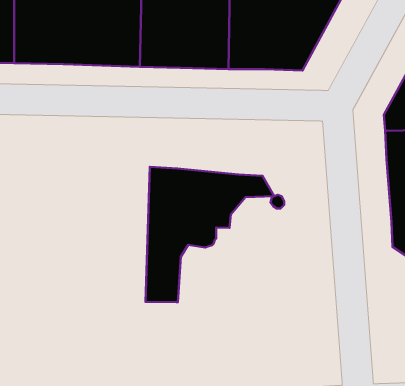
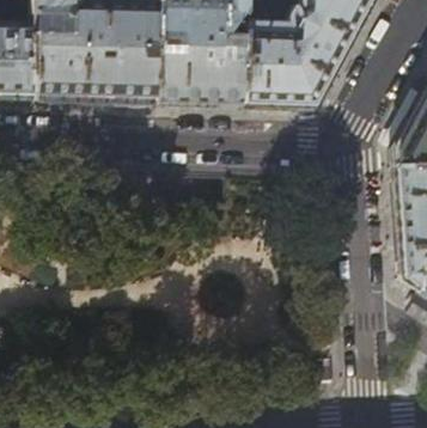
building: [145,167,274,302] -> none

